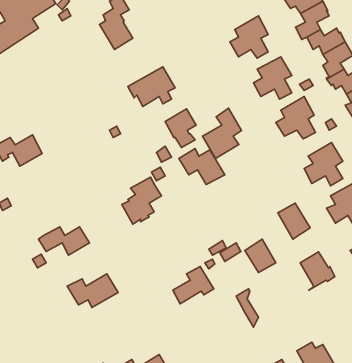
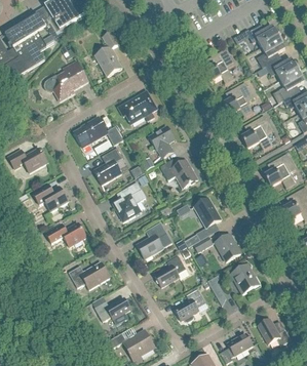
building: none -> [45,59,87,99]
building: none -> [73,114,123,146]
building: [203,108,241,158] -> none
building: none -> [93,147,122,188]
building: none -> [32,181,68,210]
building: [278,203,310,239] -> [194,197,221,227]
building: none -> [137,220,172,257]
building: [300,252,335,290] -> [231,262,260,294]
building: none -> [175,287,205,321]
building: none -> [94,296,130,323]

